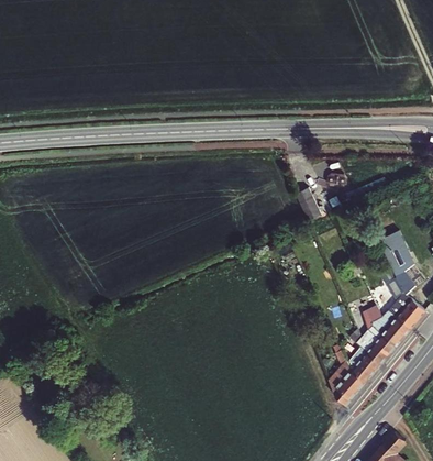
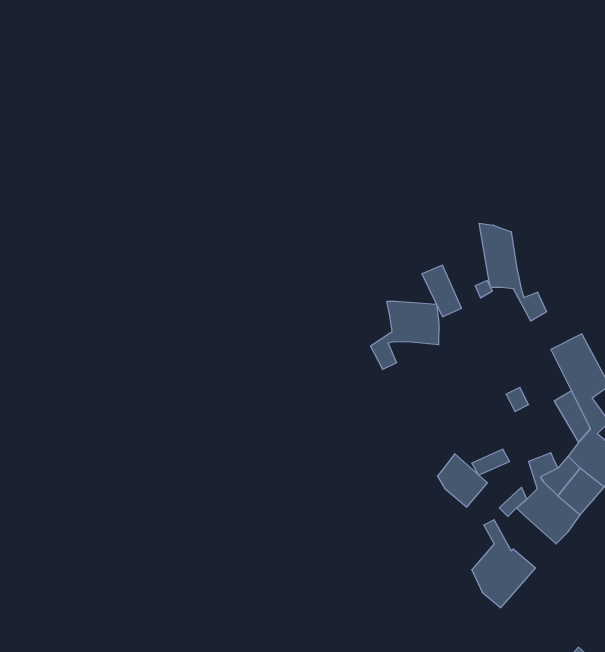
building: none -> [479,223,546,321]
building: none -> [371,301,439,369]
building: [351,350,382,384] -> [437,454,487,507]

